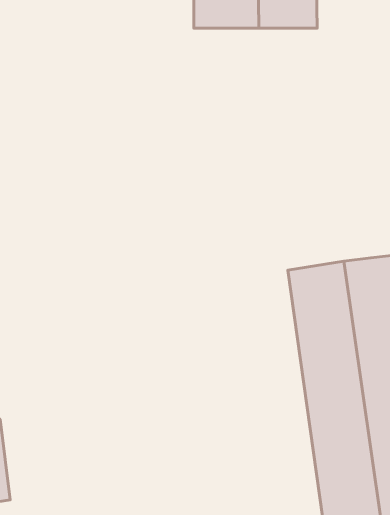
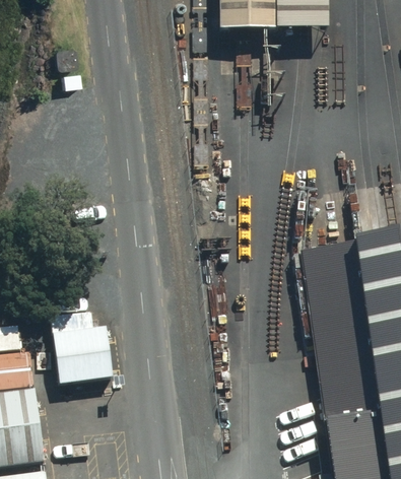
building: none -> [57,324,117,382]

